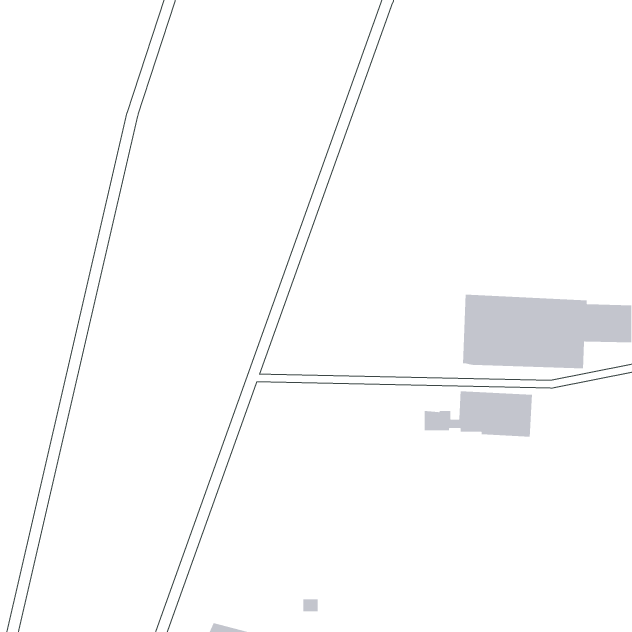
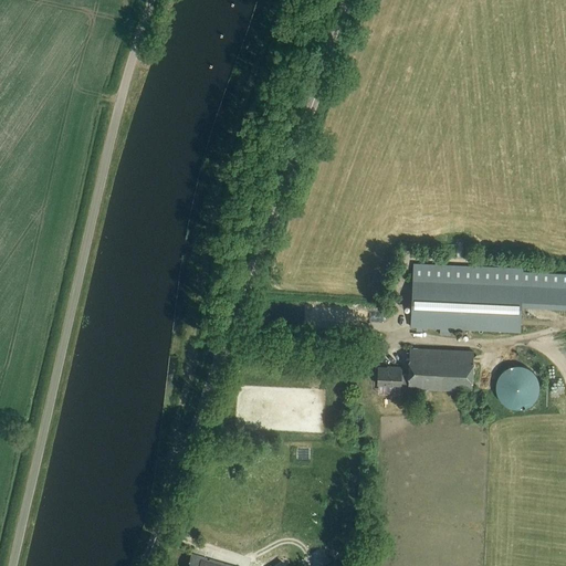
building: none -> [494,366,538,409]

